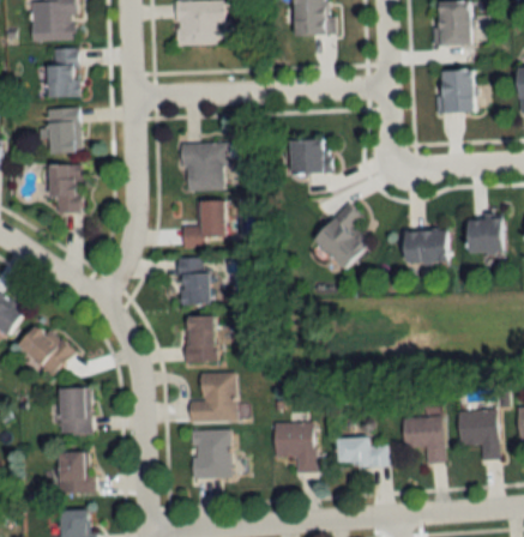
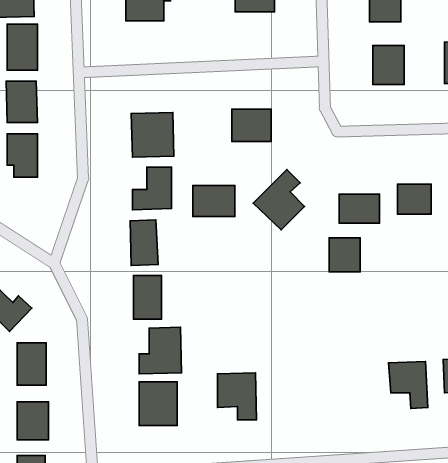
building: none -> [193,186,235,217]
building: none -> [329,238,360,272]
building: [402,416,444,464] -> none
building: [336,438,387,467] -> none

